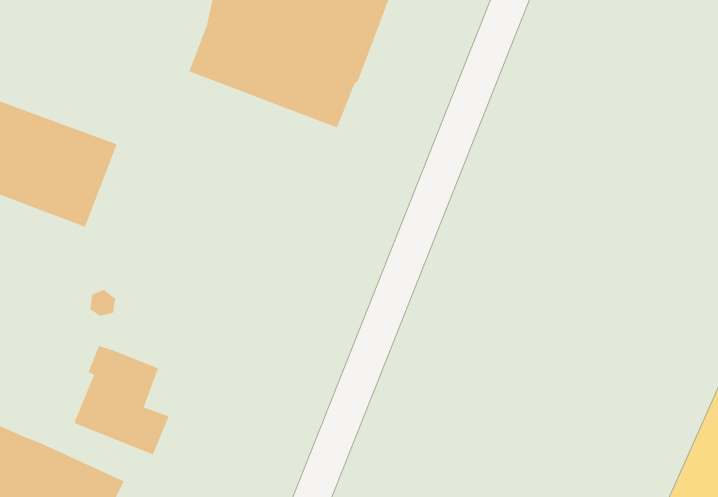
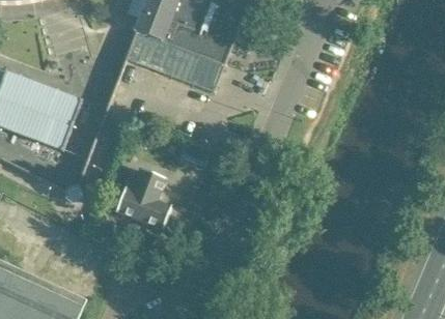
building: [74,345,169,455] -> [115,167,171,231]

